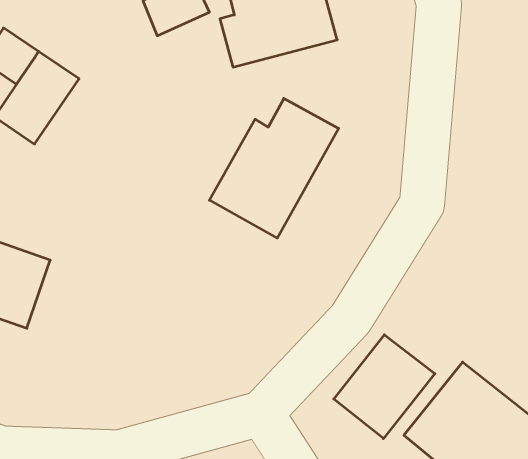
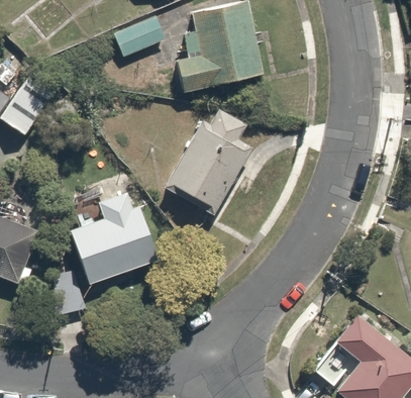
building: none -> [72,187,166,284]
building: [334,335,435,439] -> none

